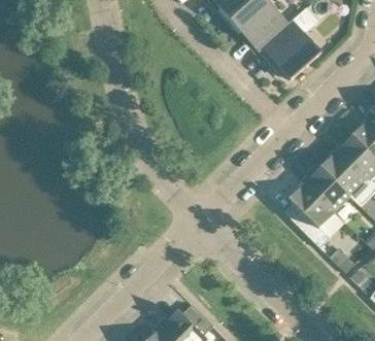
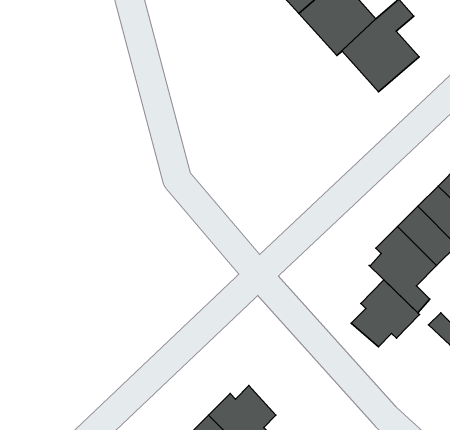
building: none -> [351,280,420,347]

